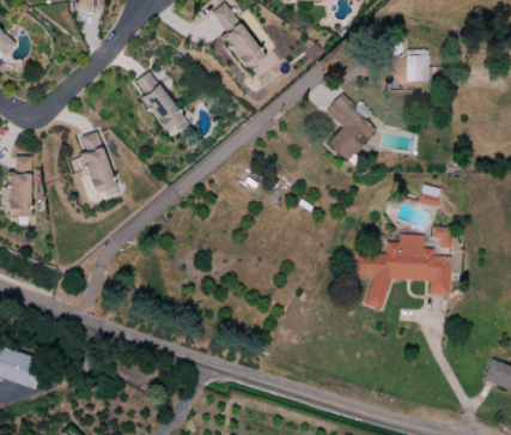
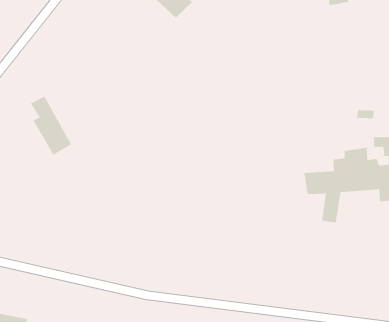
building: [135,72,185,132] -> none
building: [327,93,376,161] -> none

